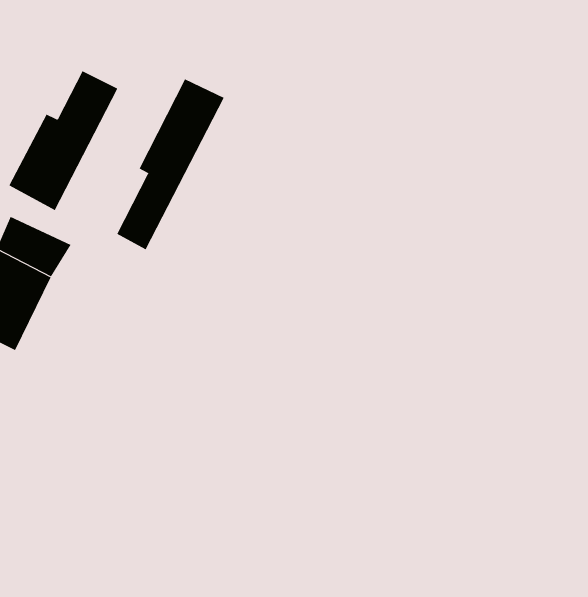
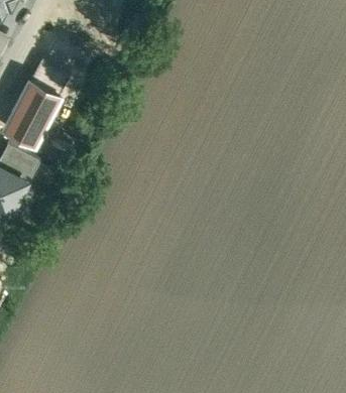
building: [116,79,225,250] -> none

